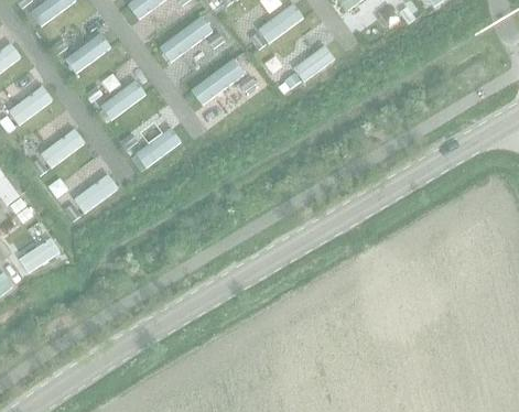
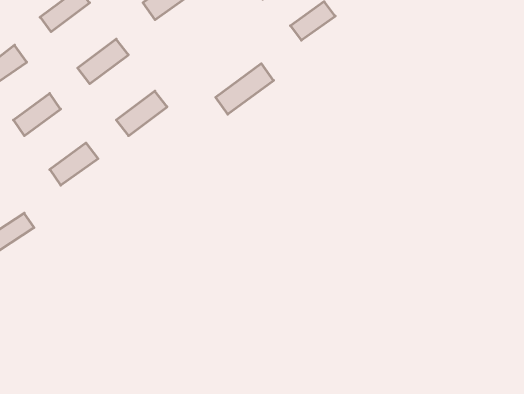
building: [191,58,244,105] -> [216,64,274,114]

